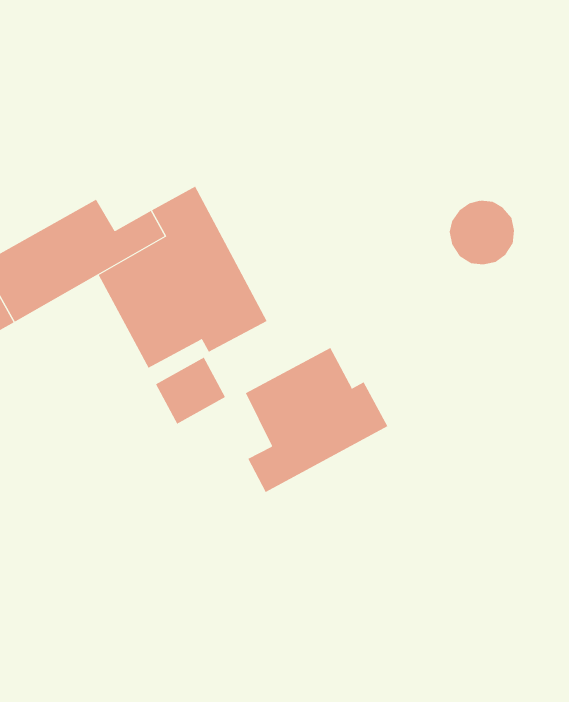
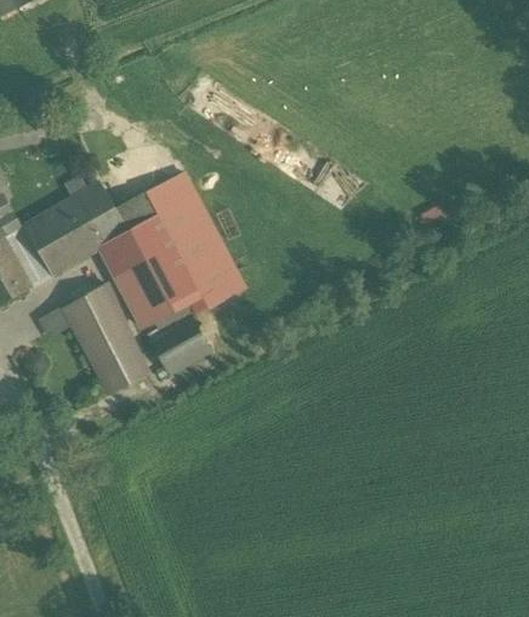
building: none -> [62,284,146,393]
building: [245,347,388,493] -> none

